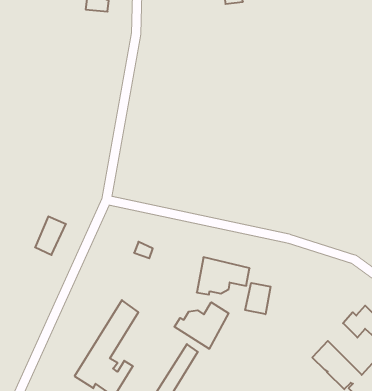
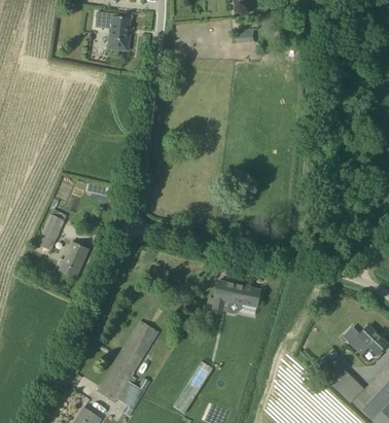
building: none -> [37,214,65,250]
building: [245,283,271,314] -> none
building: [174,302,229,349] -> none

